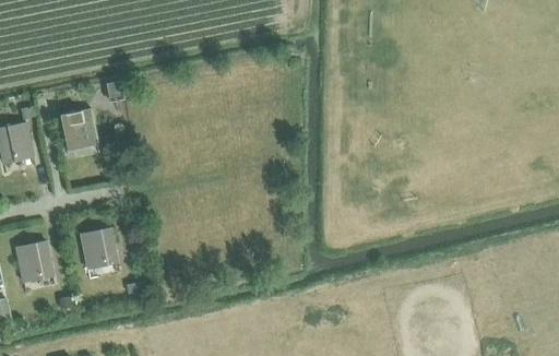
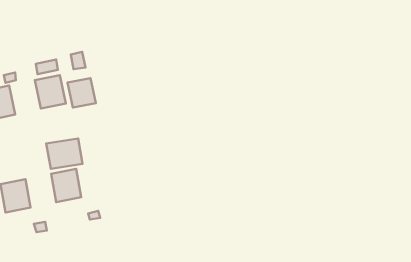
building: none -> [67,78,96,108]
building: none -> [46,138,83,169]

